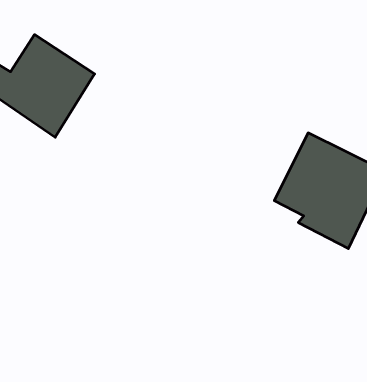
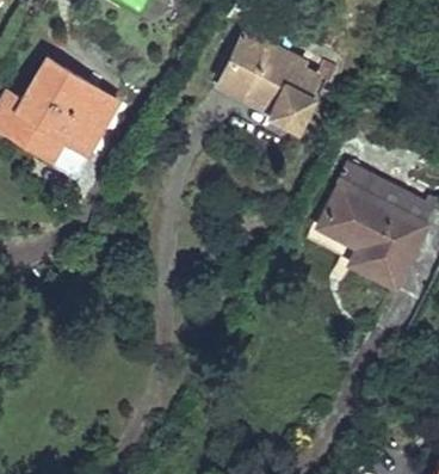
building: none -> [222,37,314,125]

